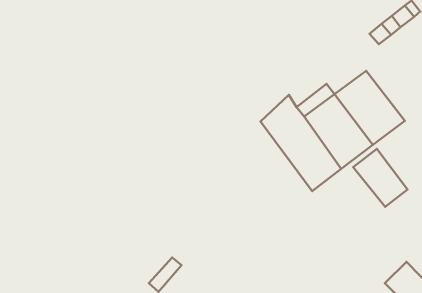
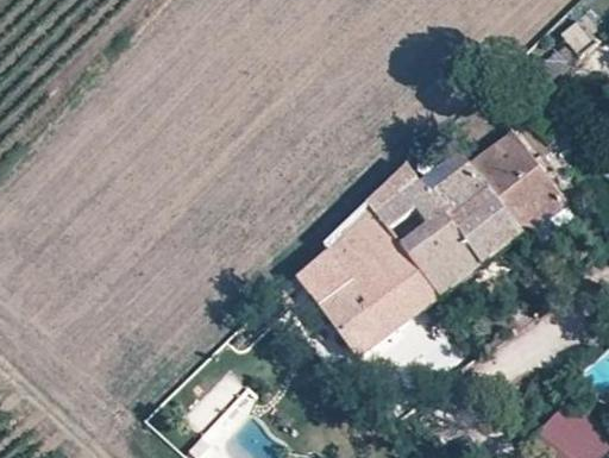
building: none -> [295,201,438,357]
building: [353,149,408,207] -> none

